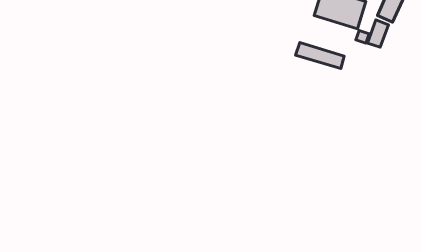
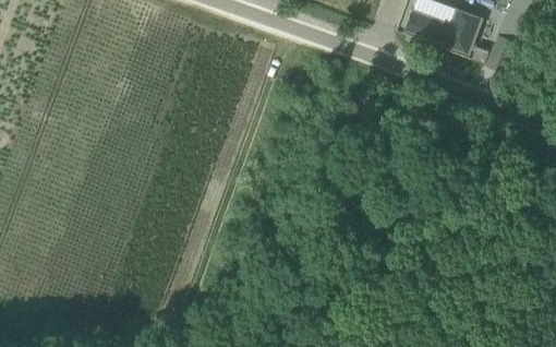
building: [296,42,344,68] -> none

